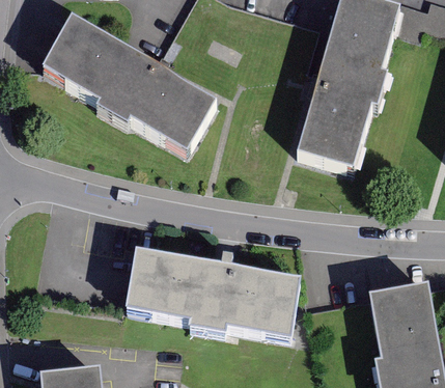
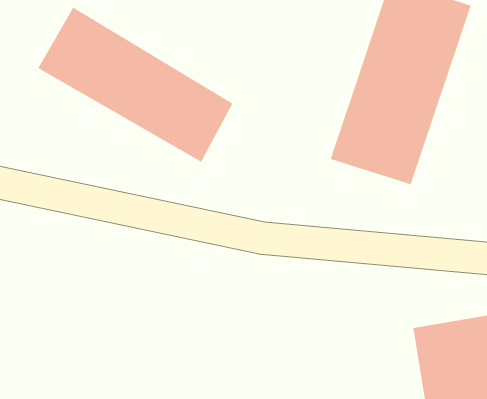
building: [120,250,317,336] -> none

